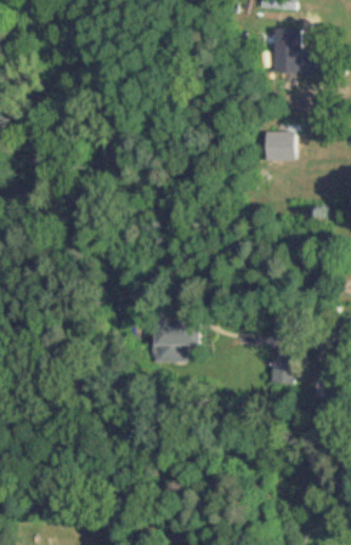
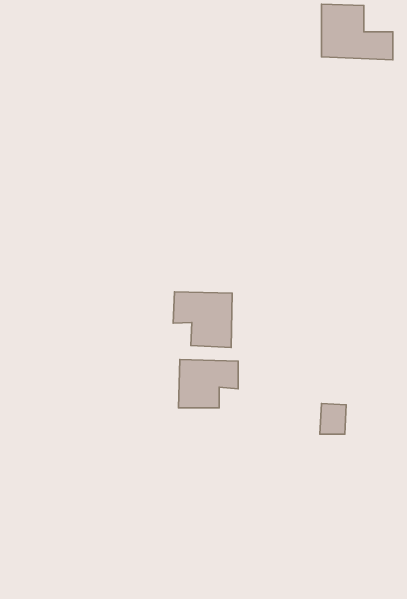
building: [260,131,300,160] -> none
building: none -> [173,292,232,348]

